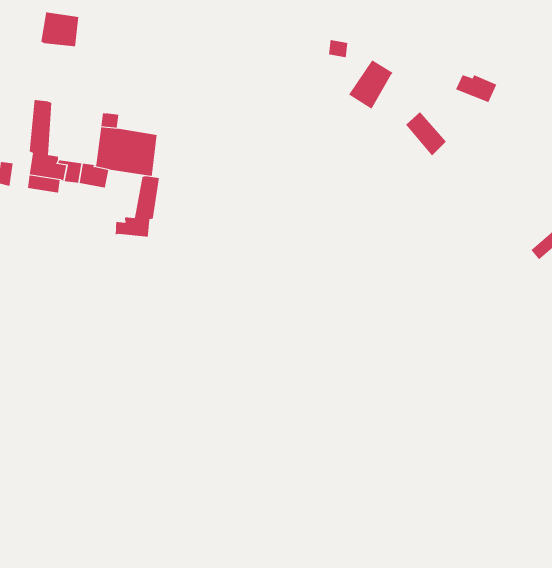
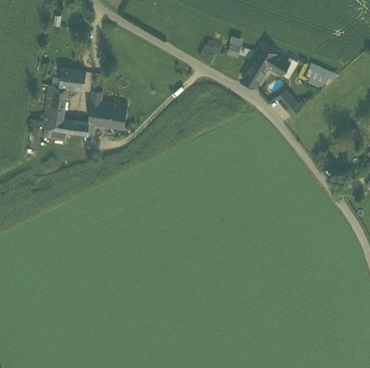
building: [41,12,79,47] -> [61,66,84,87]
building: none -> [254,49,287,76]
building: [115,176,160,237] -> none

